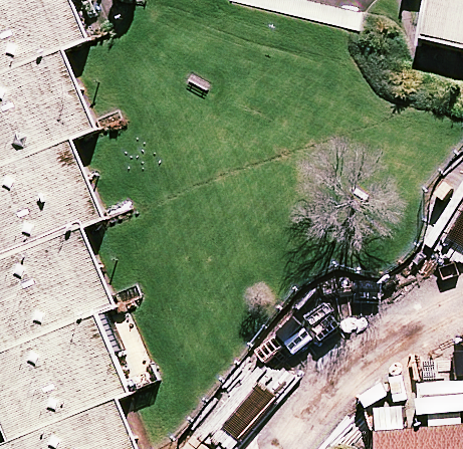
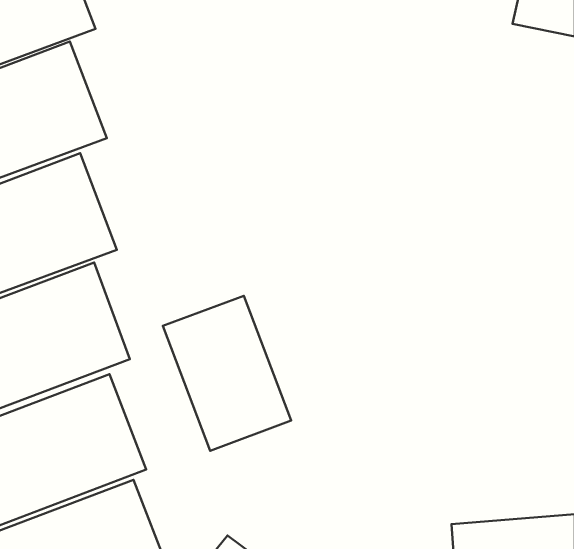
building: none -> [163,296,291,451]

